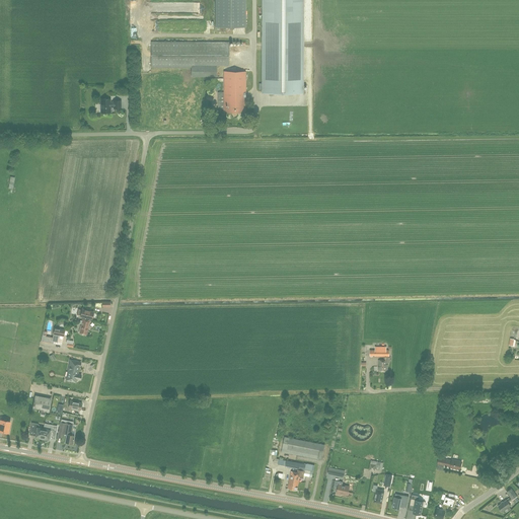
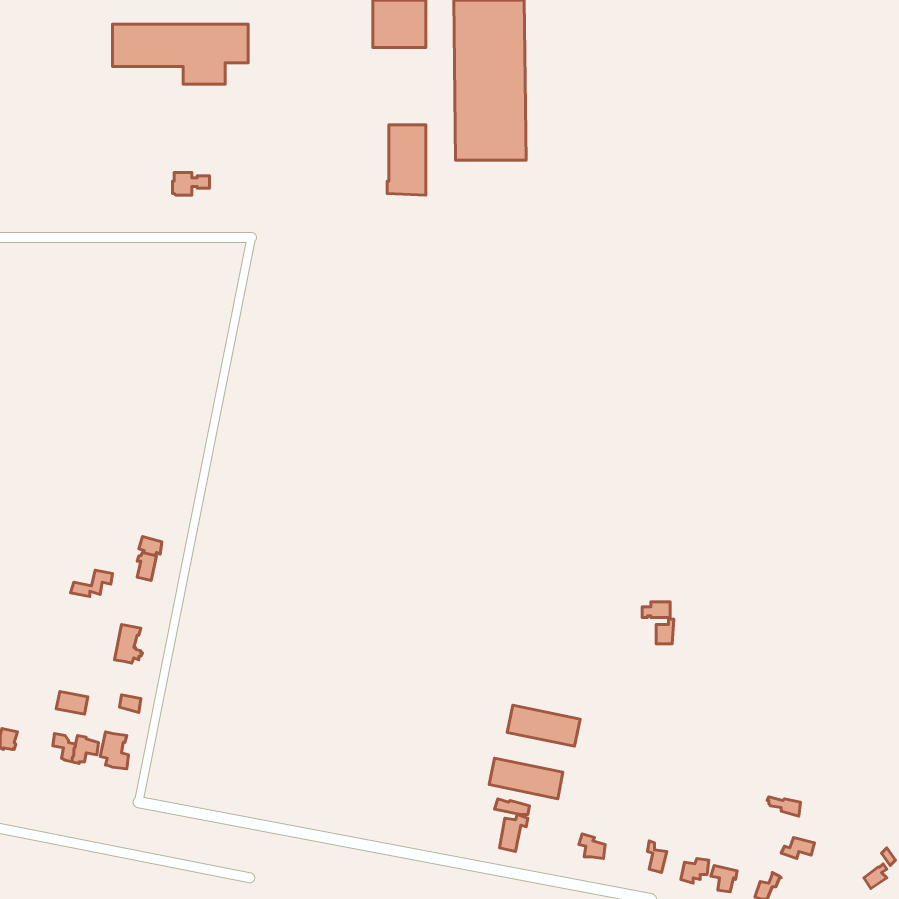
building: [151,43,229,77] -> [113,24,248,84]
building: none -> [507,705,580,746]

